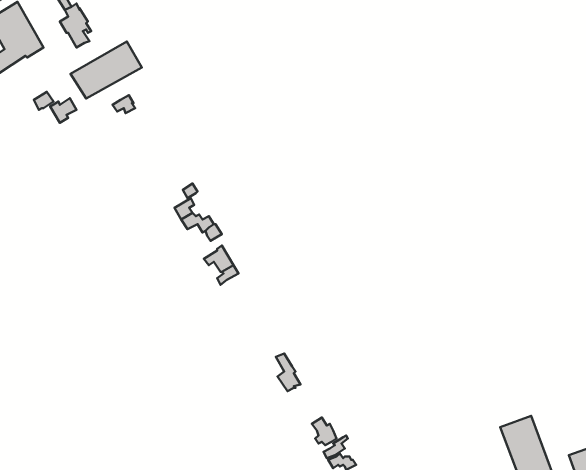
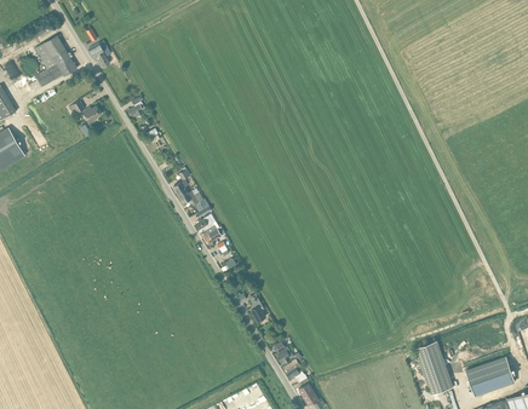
building: [70,42,142,99] -> none

